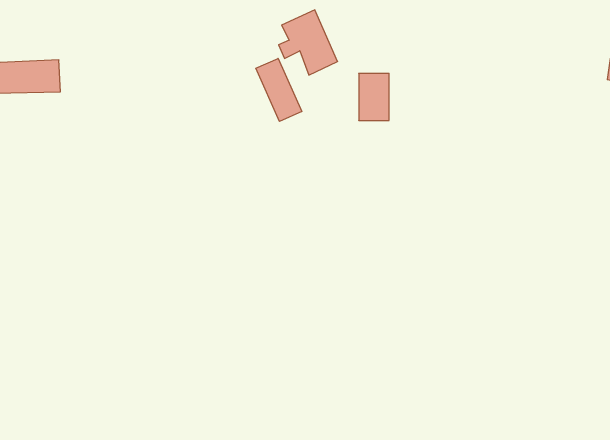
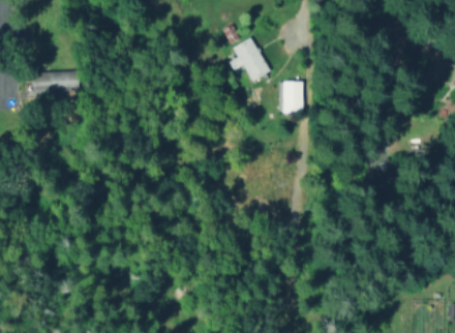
building: [256,58,302,121] -> none

